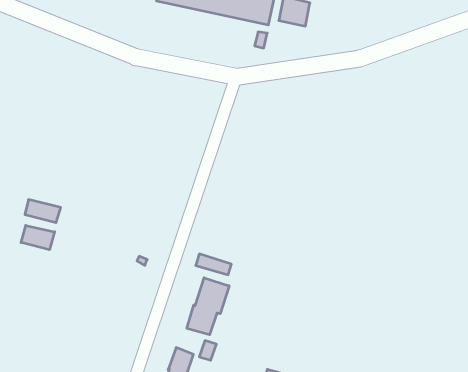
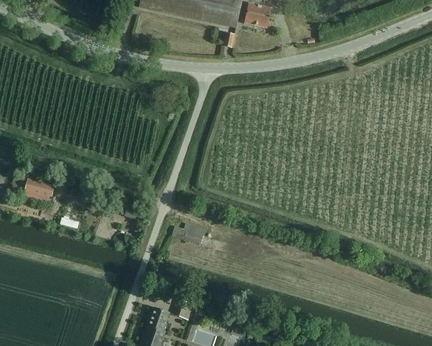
building: [21,225,55,250] -> none
building: [187,278,229,335] -> none

